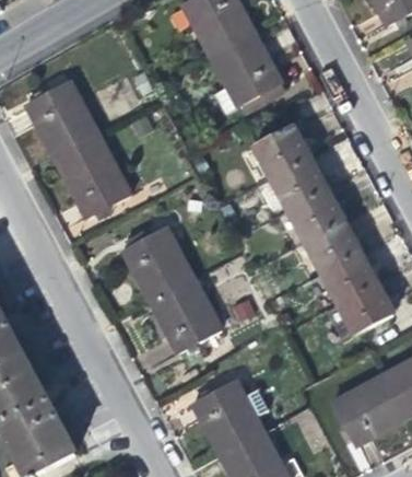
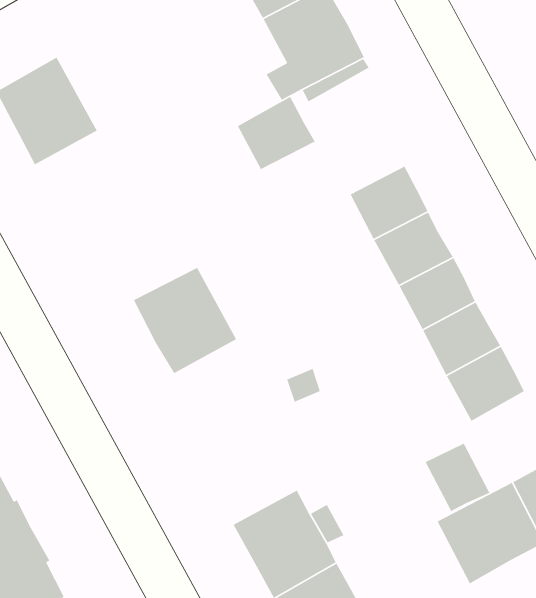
building: [255,124,309,175] -> [237,96,316,170]
building: [54,131,131,217] -> none
building: [150,276,221,351] -> none
building: none -> [425,443,490,512]

